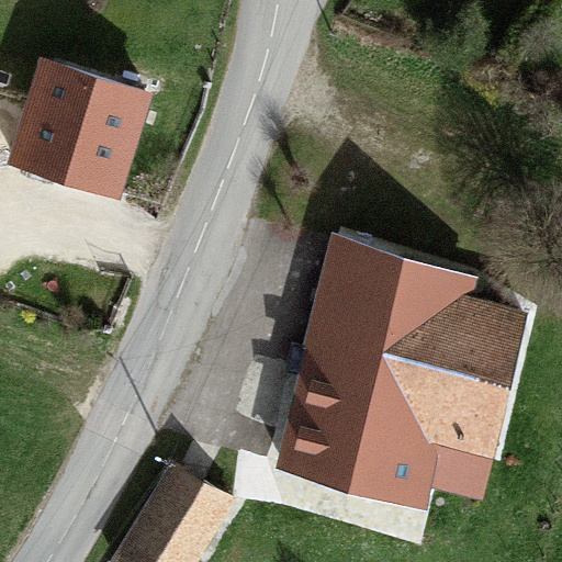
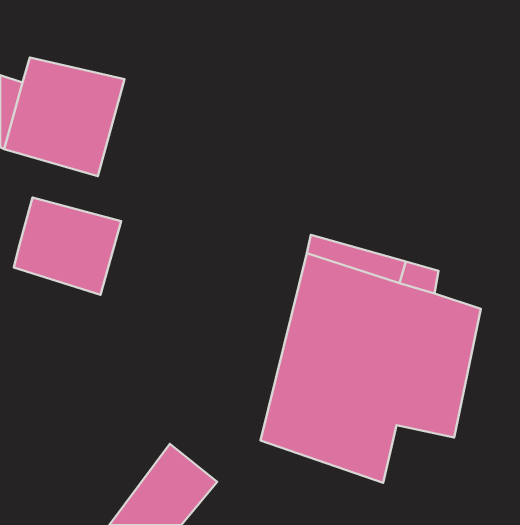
building: none -> [14,197,121,295]

